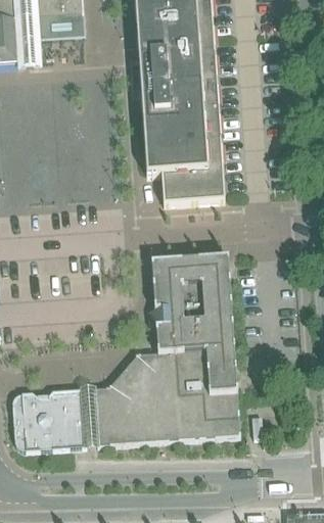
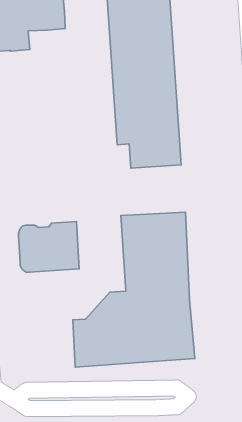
building: [12,389,86,450] -> [19,222,79,272]

